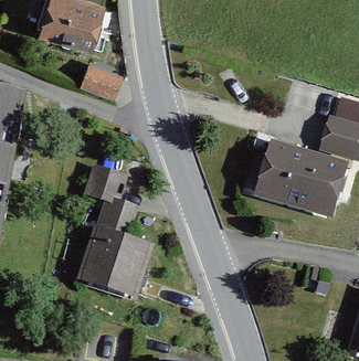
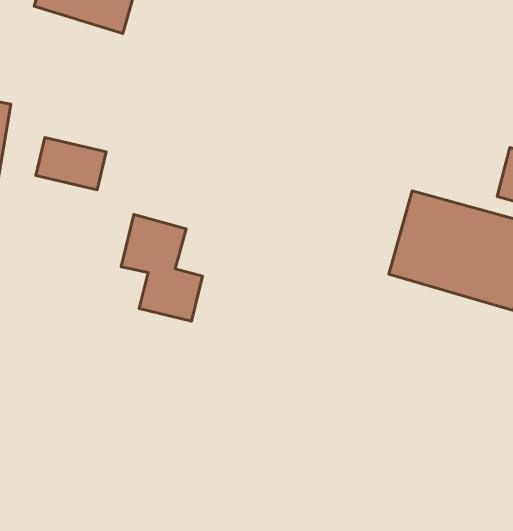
building: [80,64,123,96] -> [36,137,106,190]
building: [83,233,144,298] -> none

